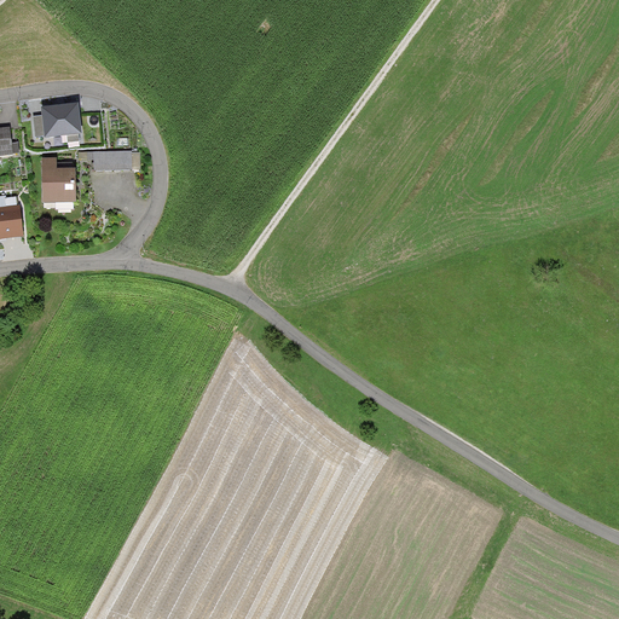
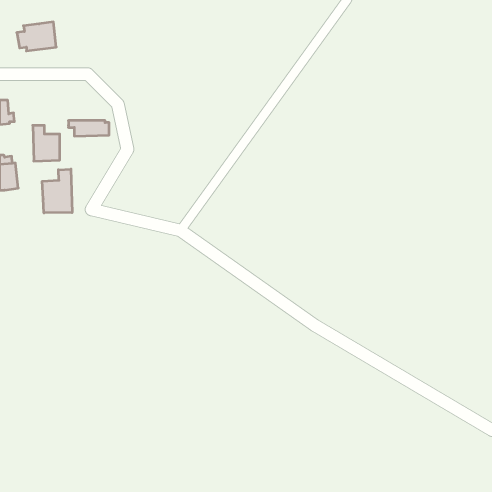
building: [31,103,81,139] -> [17,22,56,51]
building: none -> [42,169,72,213]

